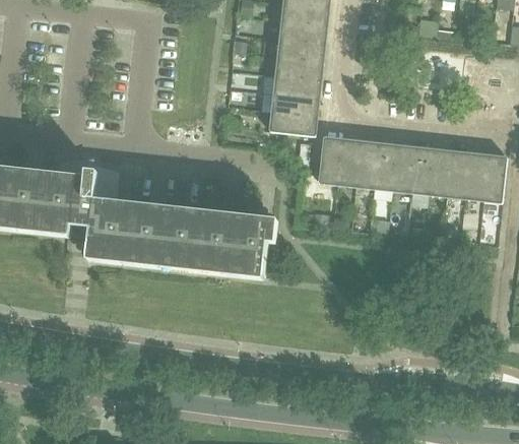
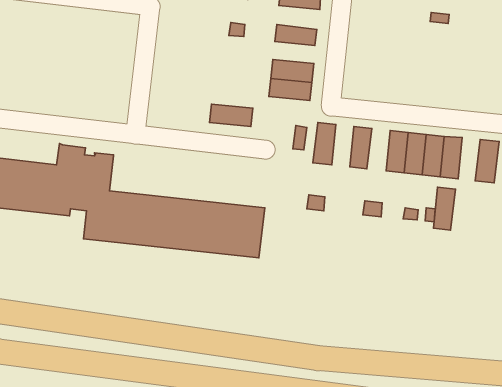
building: [281,19,325,44] -> none
building: [277,56,320,78] -> none
building: [271,112,315,134] -> [210,104,253,126]
building: [337,140,360,183] -> none
building: [373,144,396,187] -> none
building: [465,153,488,197] -> [433,187,456,230]

